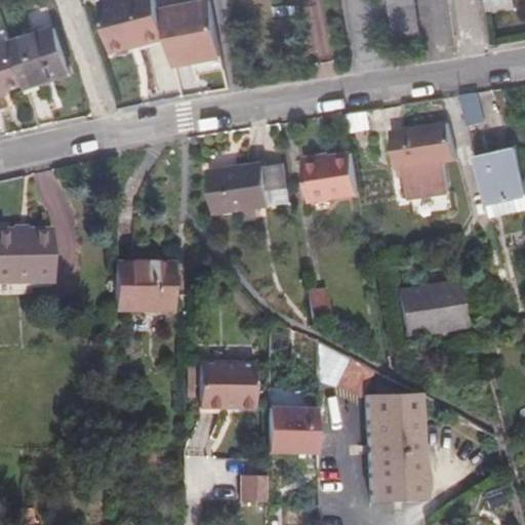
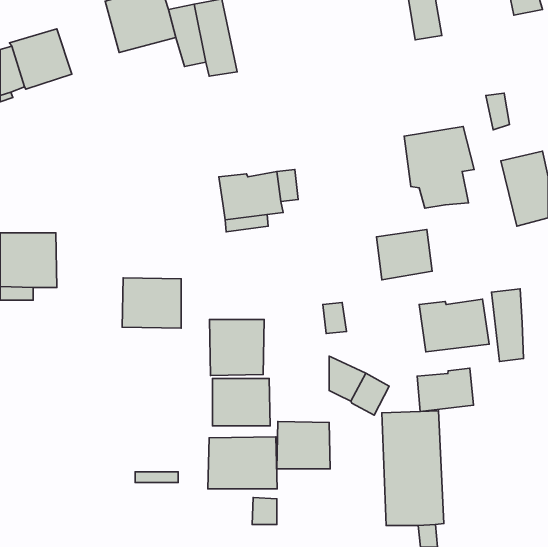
building: [308,151,361,199] -> [376,229,432,280]
building: none -> [491,289,524,361]
building: none -> [209,319,264,376]
building: none -> [417,368,473,411]
building: none -> [208,437,277,489]

